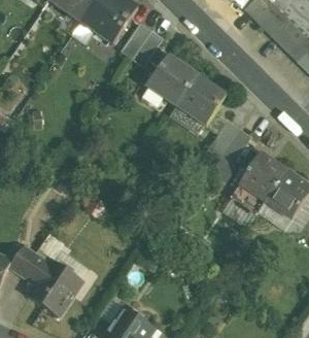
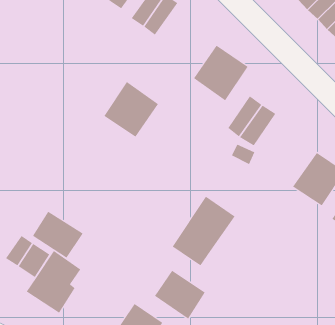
building: [148,55,198,105] -> [103,81,159,138]
building: [231,153,287,215] -> [172,196,235,266]
building: none -> [32,211,84,259]
building: none -> [154,270,206,320]

